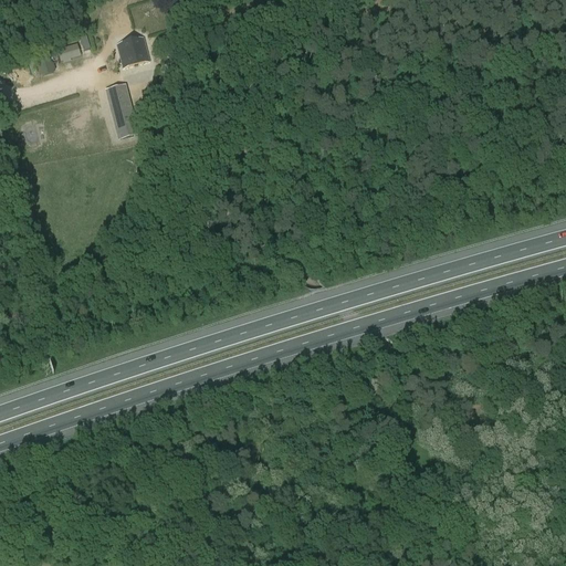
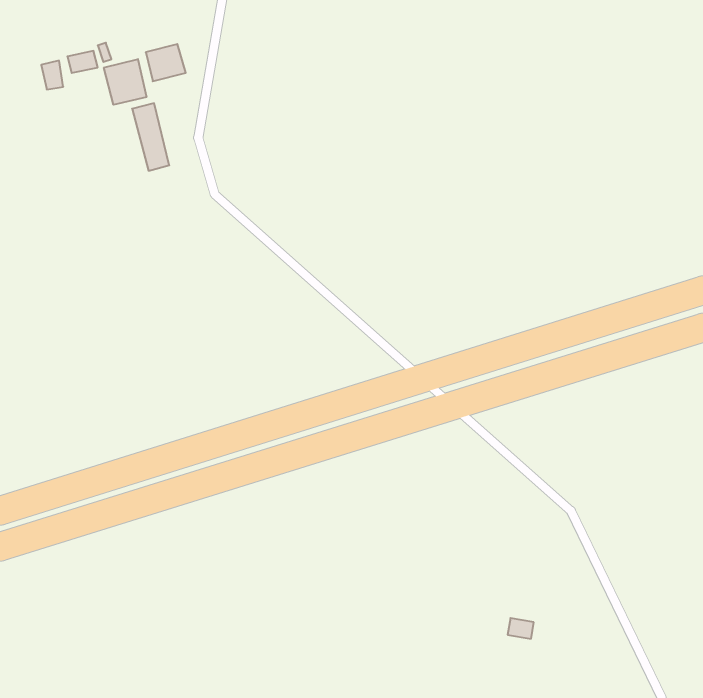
building: none -> [104,59,146,105]

